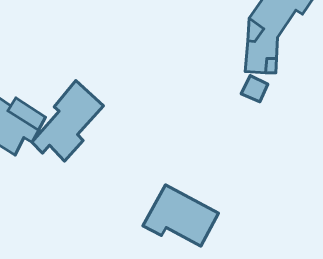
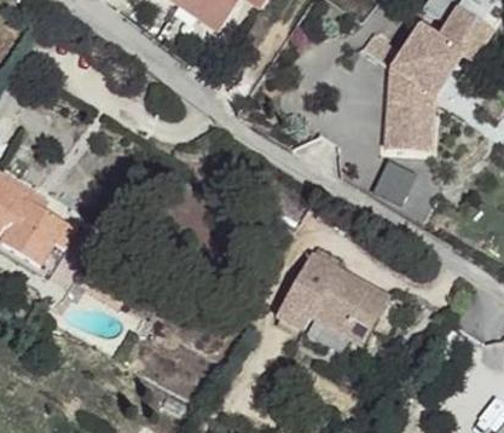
building: [32,80,104,161] -> none
building: [143,185,219,246] -> [277,252,390,343]

